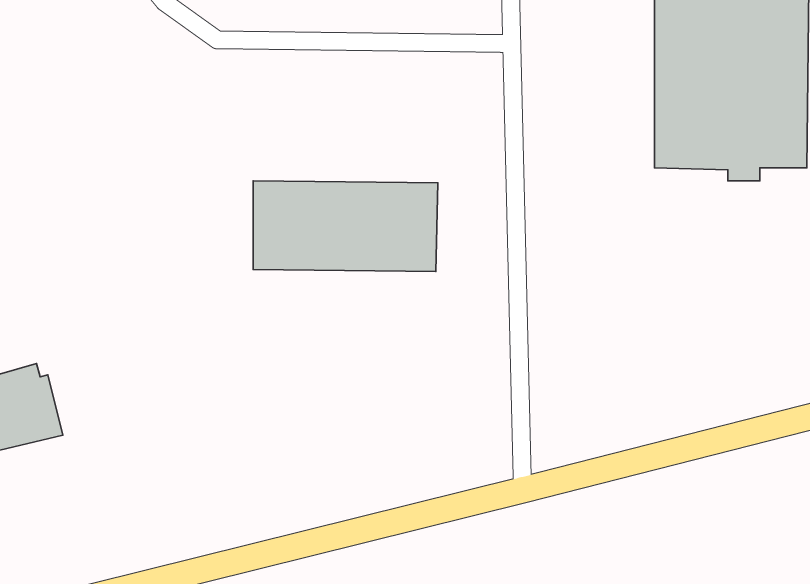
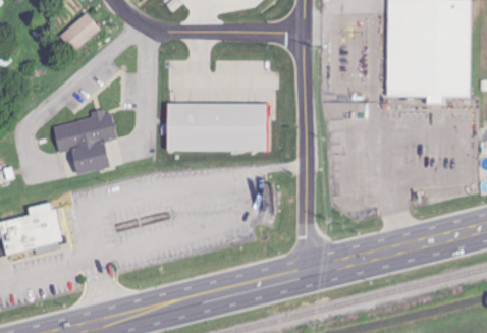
building: none -> [61,13,100,51]
building: none -> [54,109,122,177]

